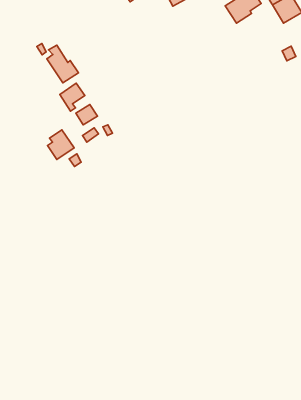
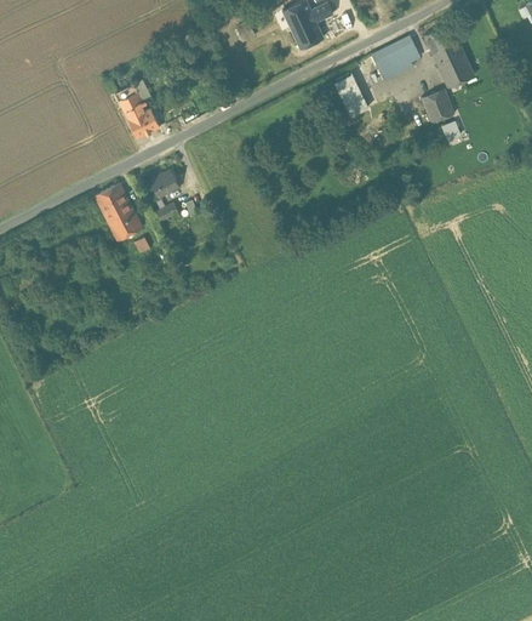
building: none -> [333,74,367,116]
building: none -> [421,89,453,123]
building: [60,83,85,111] -> [95,183,128,221]

